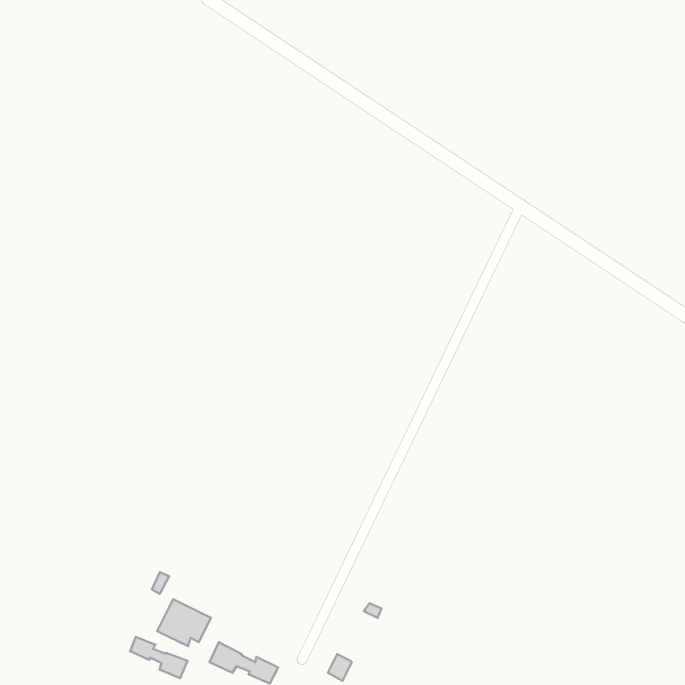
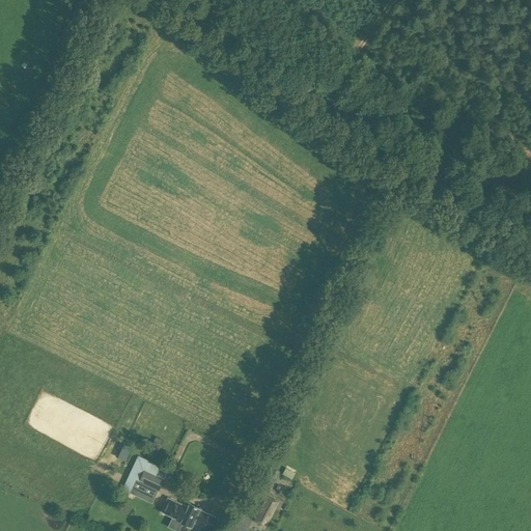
building: [130,637,188,678] -> none

